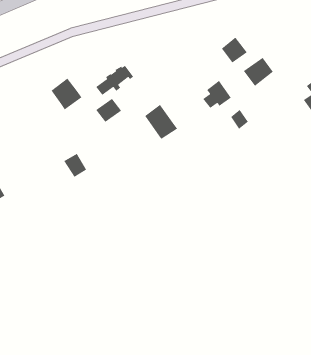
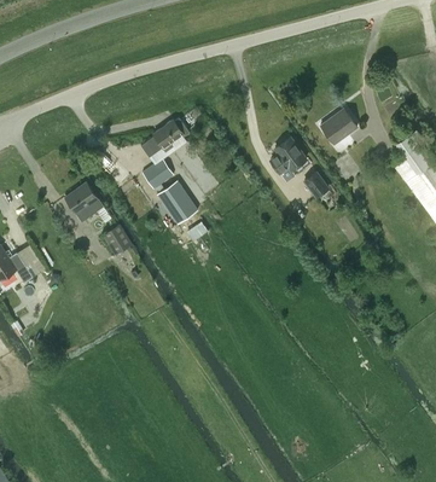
building: [221,37,248,63] -> none
building: [50,77,82,110] -> [65,181,104,221]
building: [144,104,178,140] -> [157,180,198,223]

